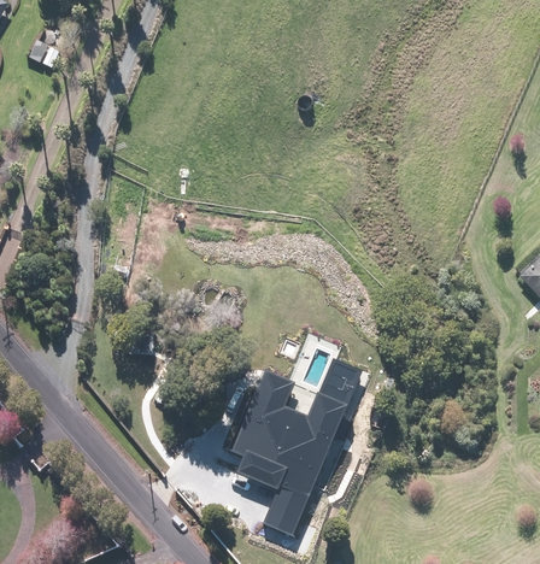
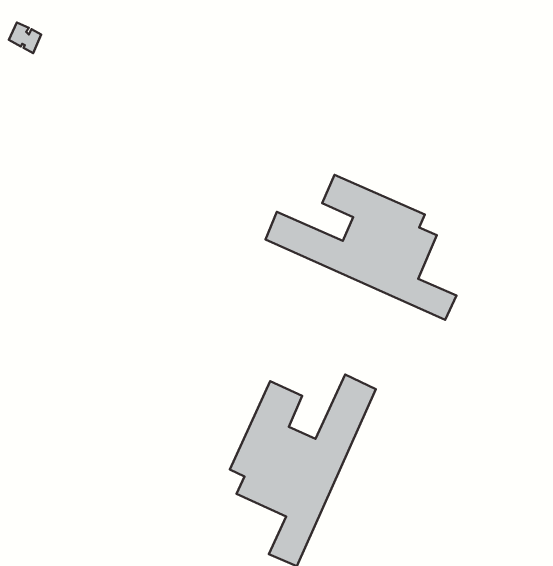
building: none -> [266,175,457,320]

